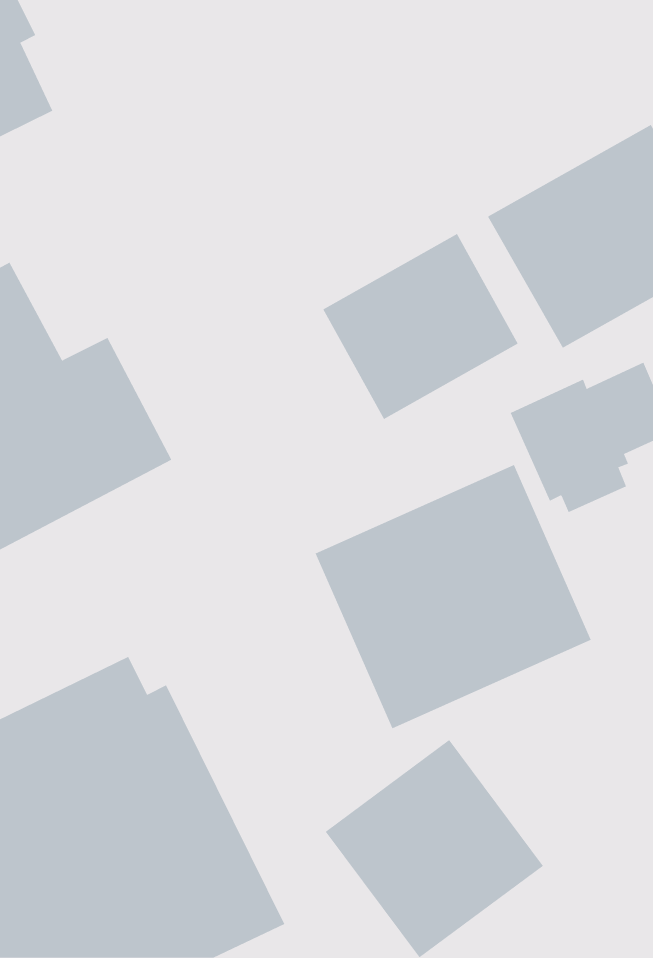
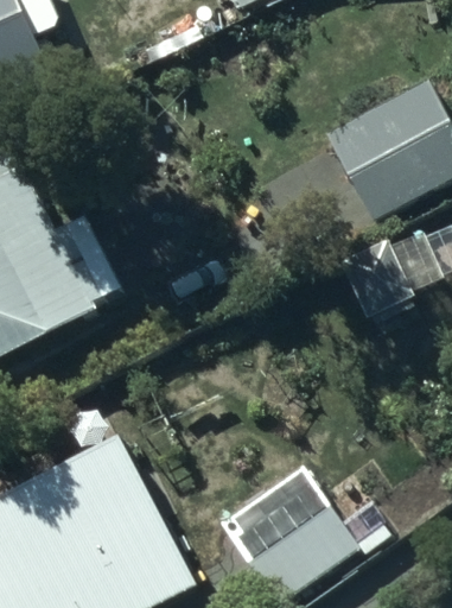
building: [322,233,519,420] -> none
building: [315,464,591,729] -> none

